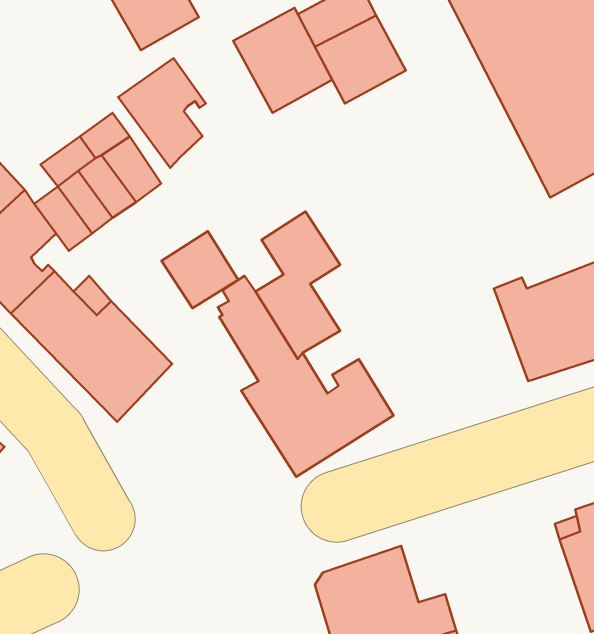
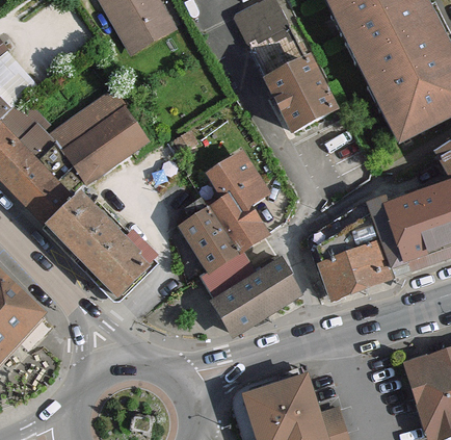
building: [233,8,332,113] -> [268,63,334,133]
building: [118,58,206,168] -> none
building: [161,231,238,308] -> none
building: none -> [312,204,392,299]

